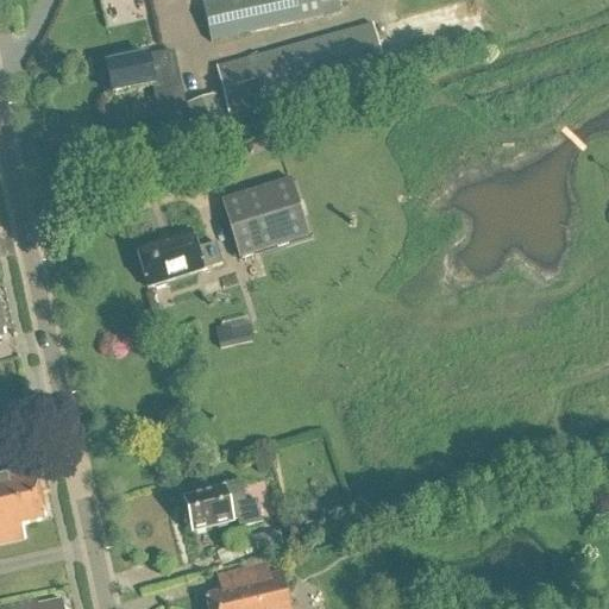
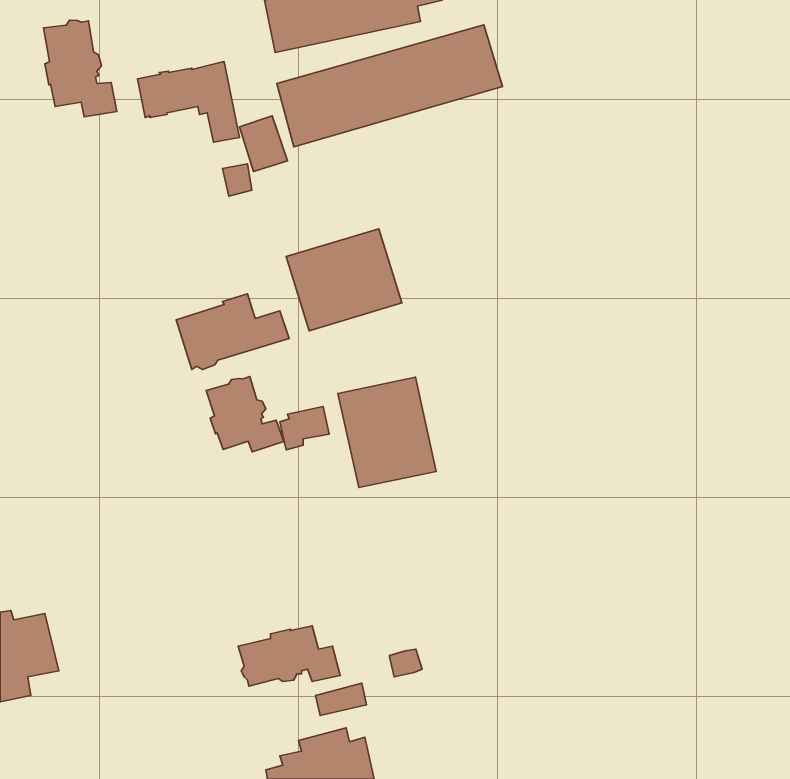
building: none -> [43,20,117,117]
building: none -> [206,376,284,452]
building: none -> [338,377,436,488]

